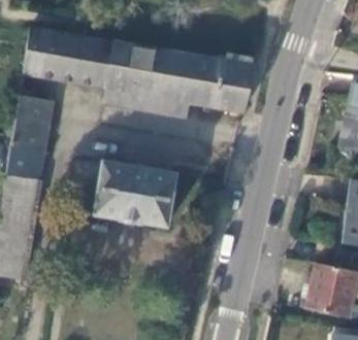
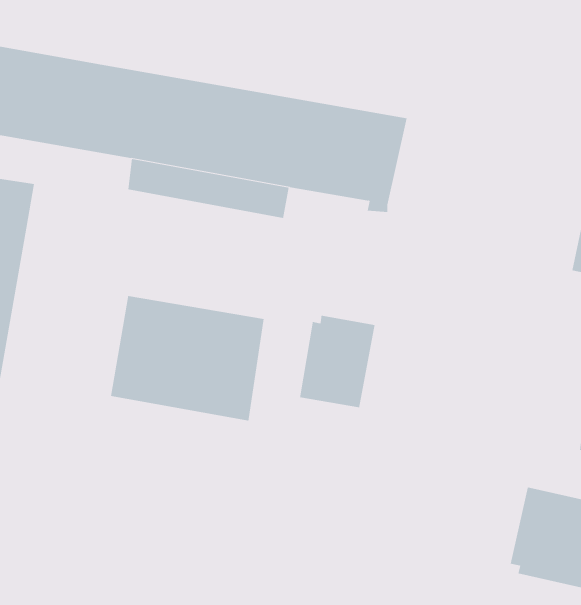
building: none -> [299,315,375,408]

